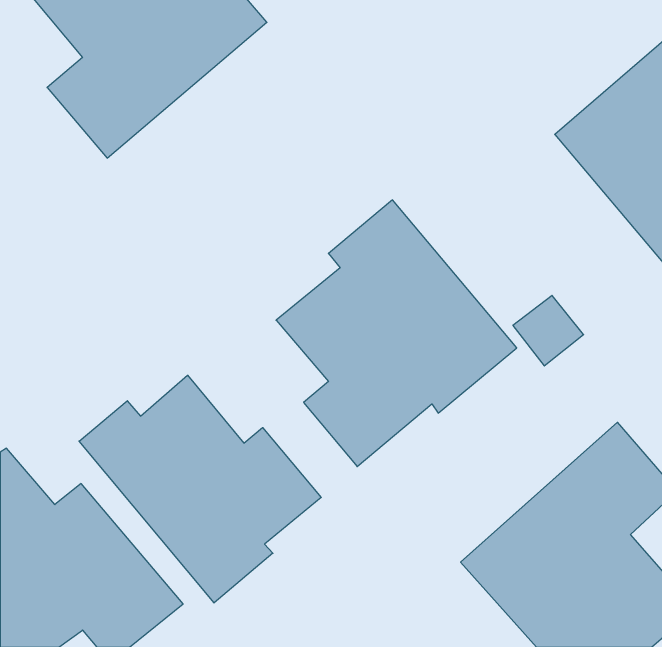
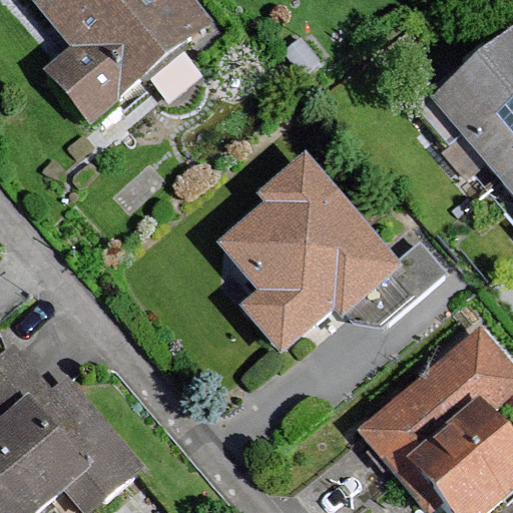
building: [79,375,321,603] -> none

